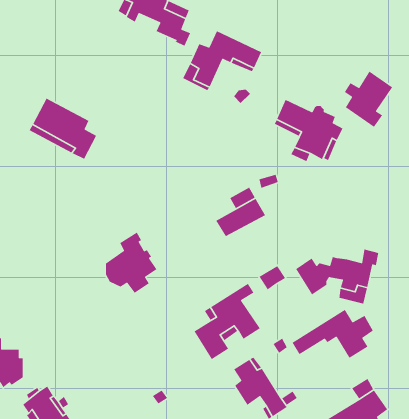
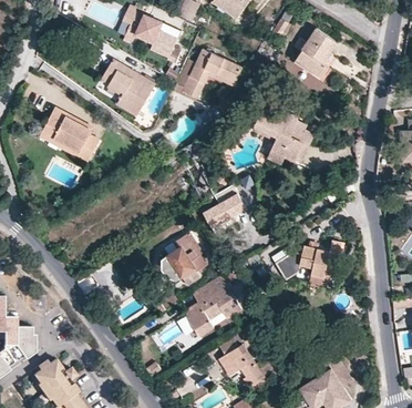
building: none -> [101,59,156,115]
building: [344,71,393,128] -> [295,28,338,78]
building: [105,232,157,294] -> [163,232,208,286]
building: [291,309,374,359] -> none

